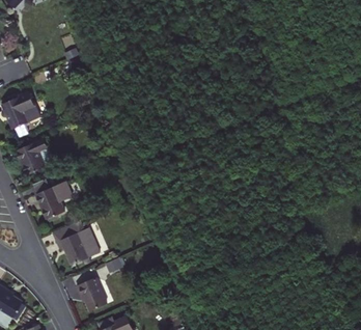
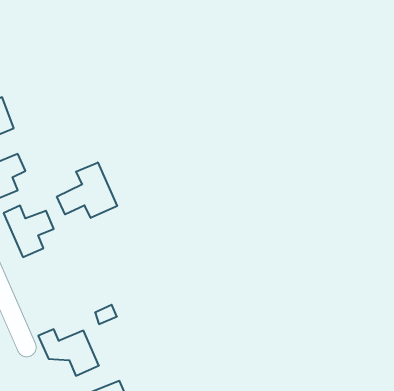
building: none -> [57,162,117,218]
building: [52,220,101,264] -> none

